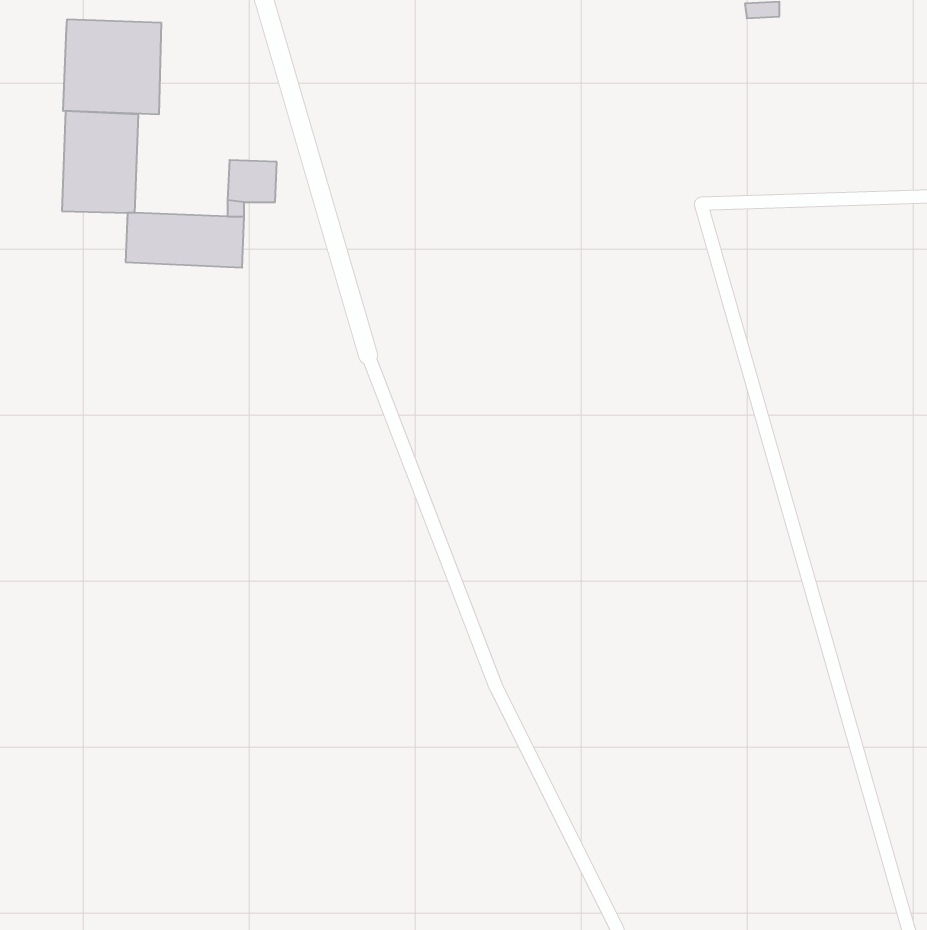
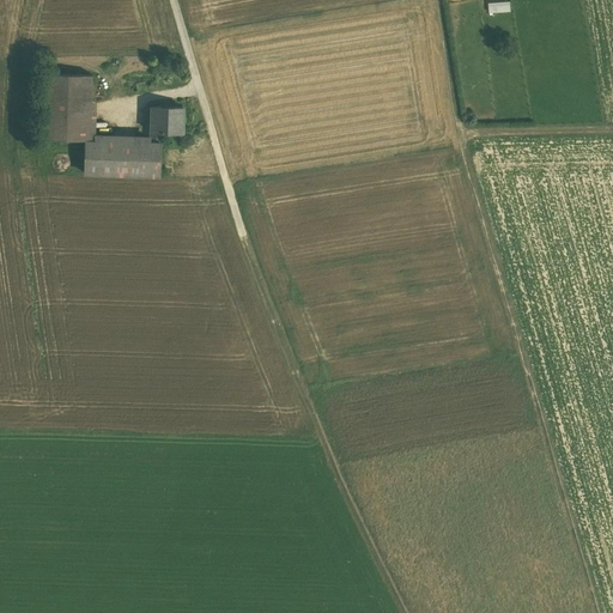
building: [63,19,161,114] -> none

